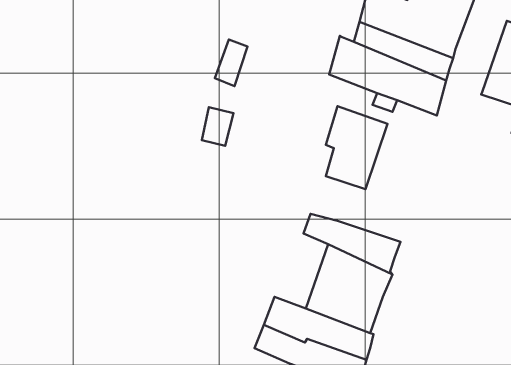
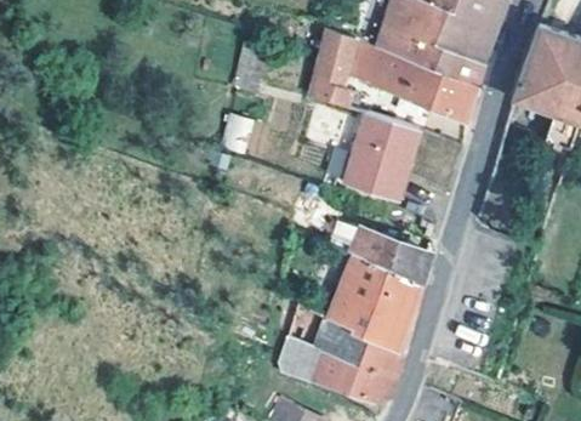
building: none -> [314,29,358,108]

